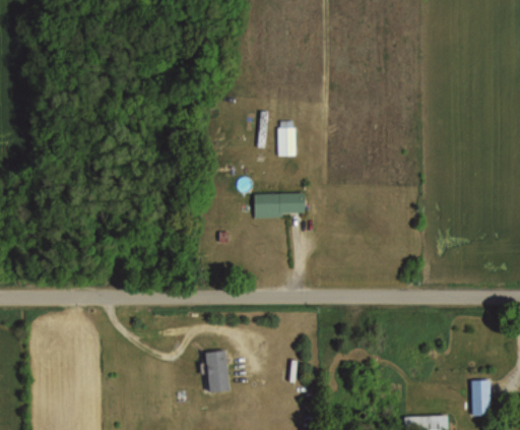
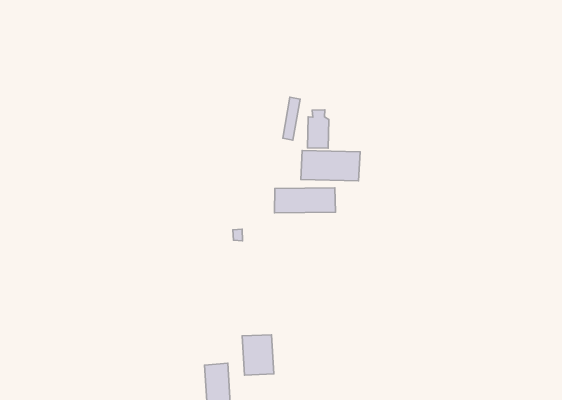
building: none -> [301,151,360,181]
building: none -> [242,335,274,375]

